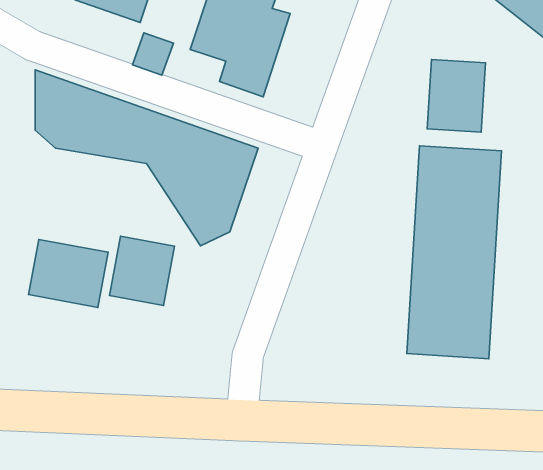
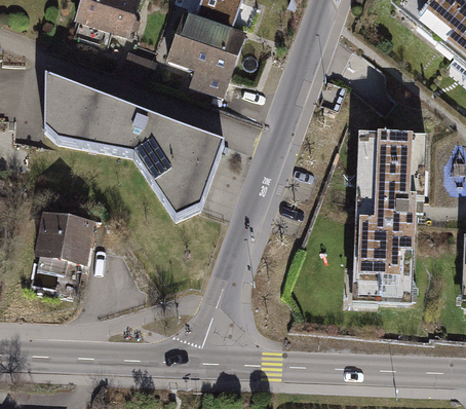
building: [427,59,486,132] -> none
building: [109,236,174,305] -> none

